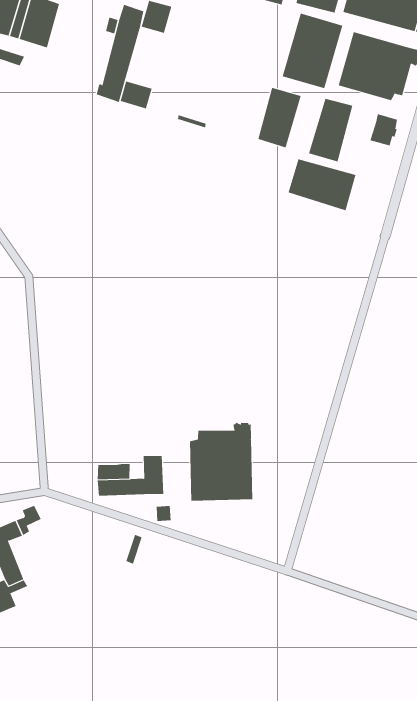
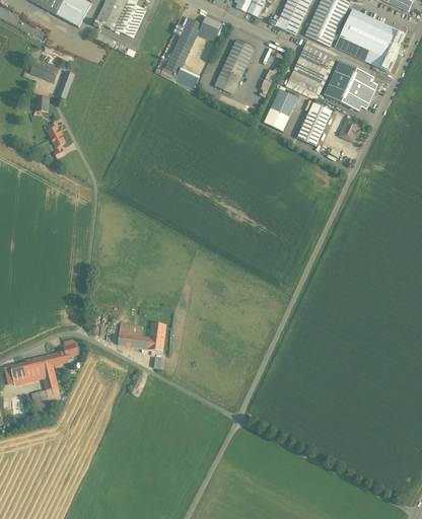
building: none -> [214,40,255,93]
building: [288,159,356,211] -> none
building: [189,422,253,501] -> none

